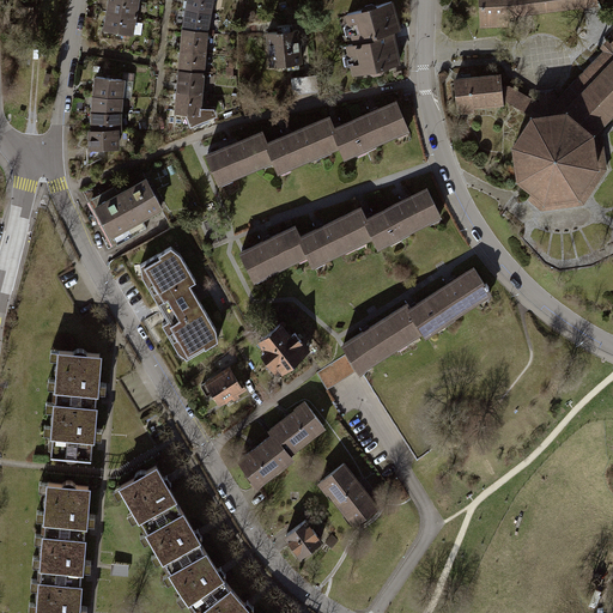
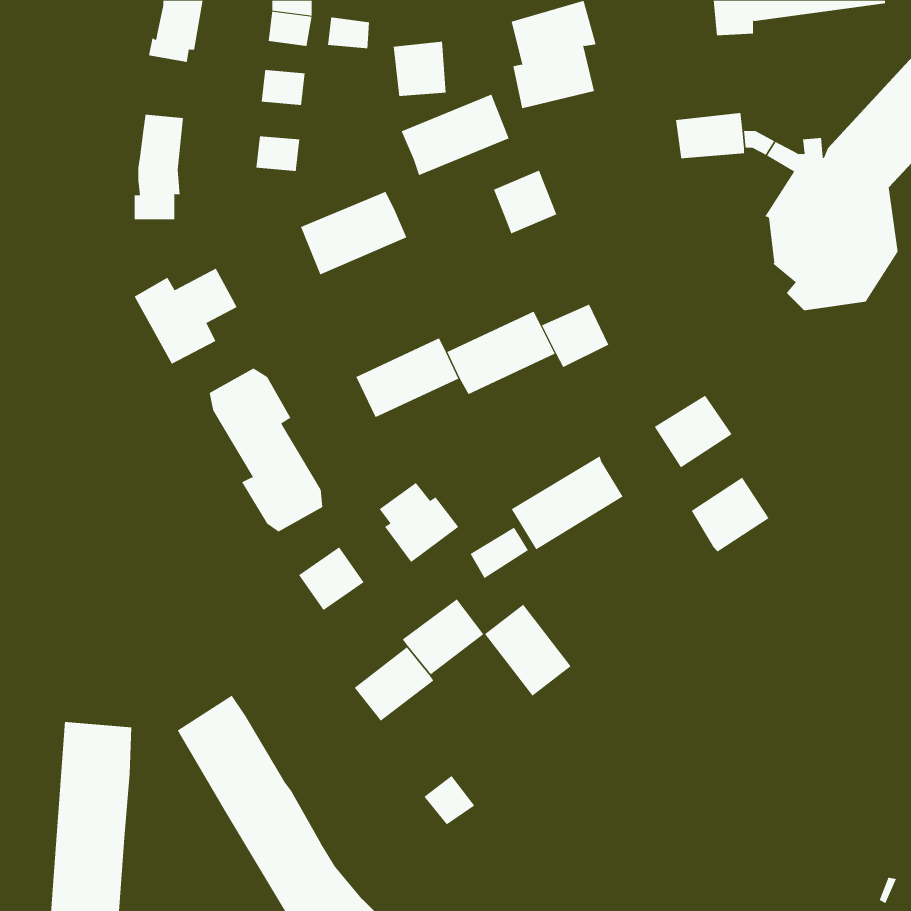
building: [178,29,207,50] -> [327,17,370,49]
building: [175,69,204,95] -> none
building: [363,102,407,145] -> none
building: [266,116,339,171] -> [401,94,510,176]
building: [396,189,441,232] -> none
building: [405,287,457,338] -> [691,477,769,552]
building: [49,352,101,459] -> none
building: [317,463,376,526] -> [484,604,572,697]

